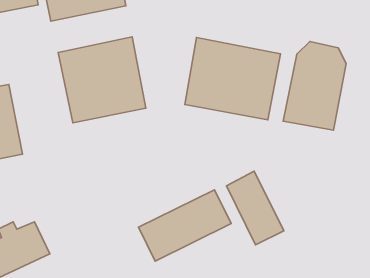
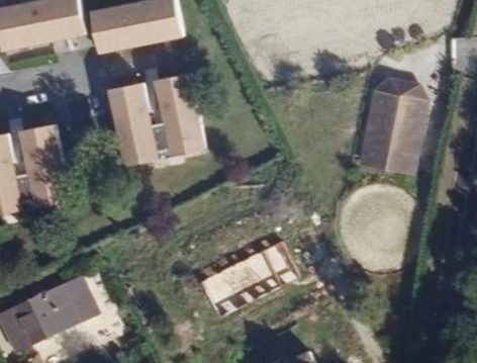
building: [185,38,280,120] -> none
building: [227,171,284,245] -> none

